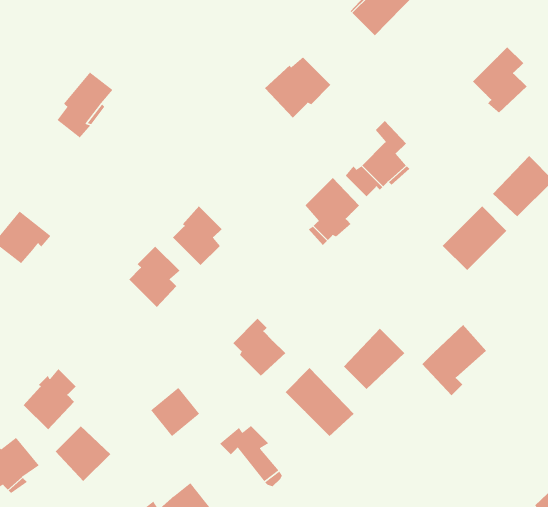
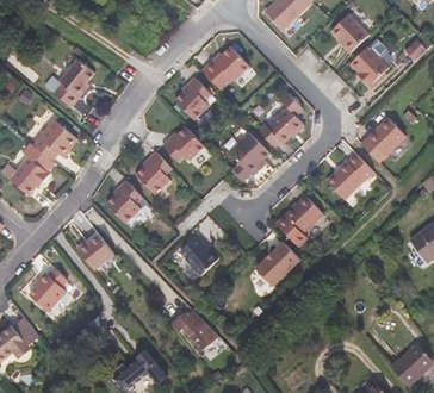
building: none -> [330,14,368,52]
building: none -> [174,76,211,119]
building: none -> [33,118,76,160]
building: none -> [162,126,205,162]
building: [421,324,487,396] -> [277,194,323,245]
building: [285,367,354,437] -> none
building: [150,387,200,437] -> [80,235,116,270]
building: [55,426,111,482] -> none

